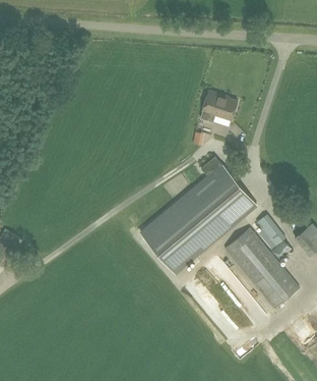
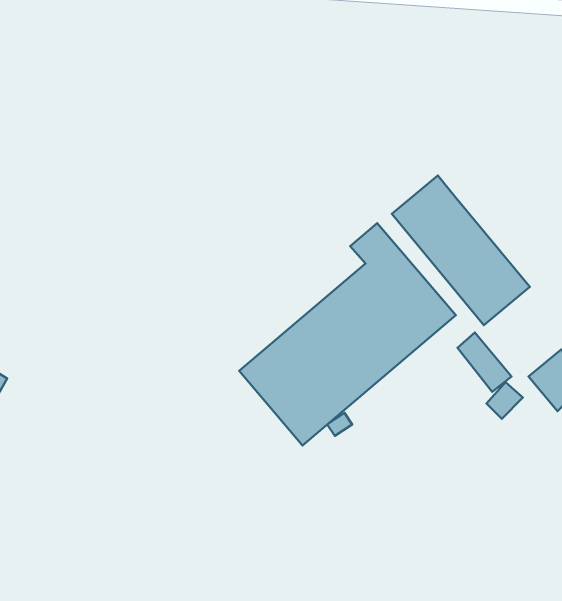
building: [199,90,237,122] -> none
building: [225,227,298,307] -> [392,176,530,325]

